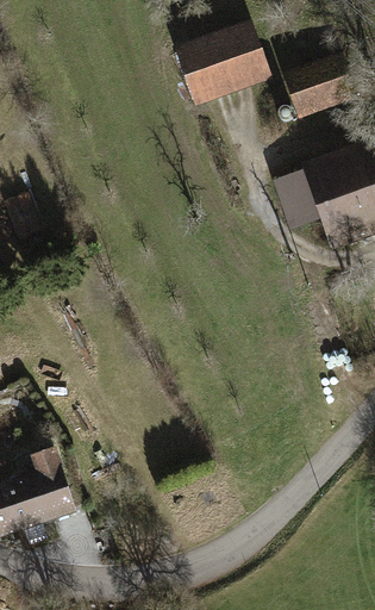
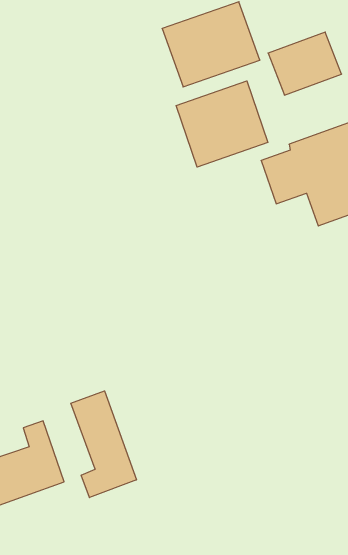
building: none -> [176,81,268,167]
building: none -> [71,391,136,498]

